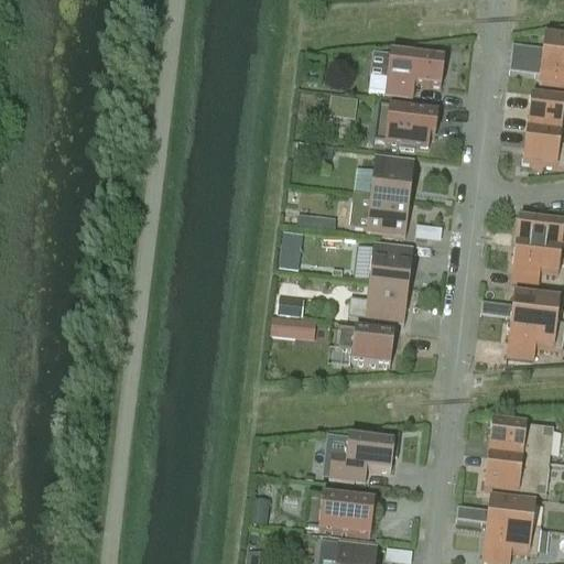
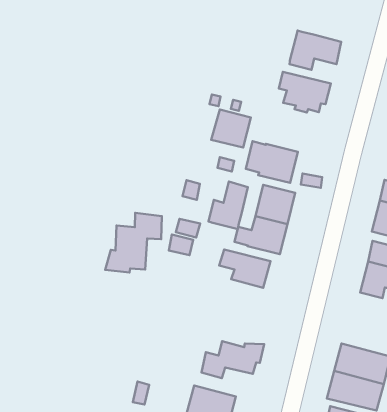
building: [370,154,414,196] -> [211,110,251,148]
building: none -> [208,181,248,229]
building: none -> [105,213,162,273]

